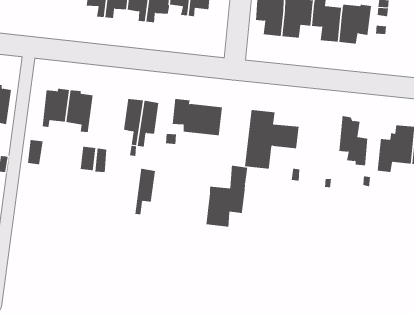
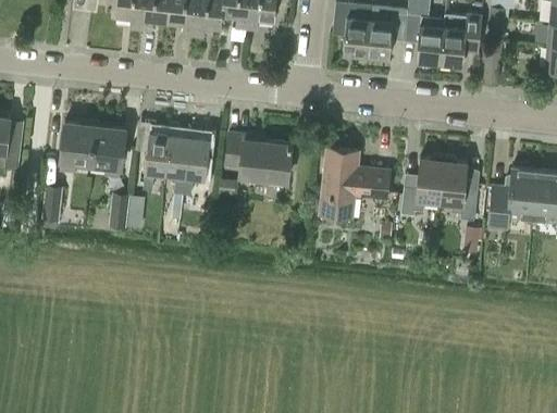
building: none -> [400,155,444,215]
building: [206,165,248,228] -> none
building: [134,168,156,215] -> [143,132,170,191]

